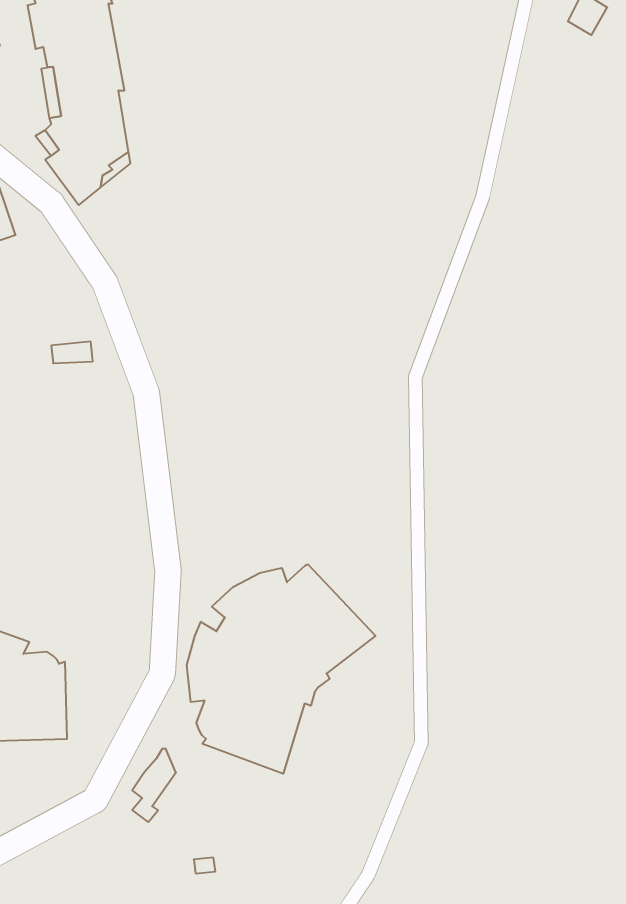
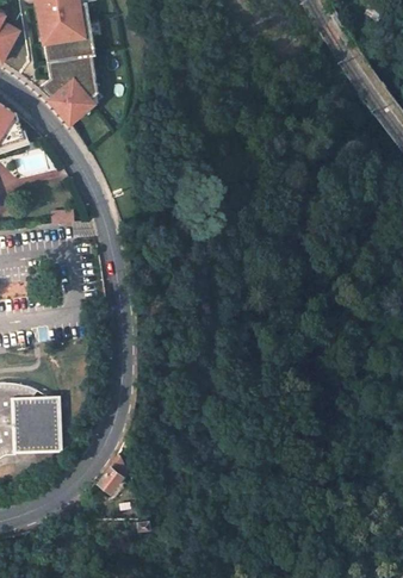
building: [187,564,375,774] -> none

